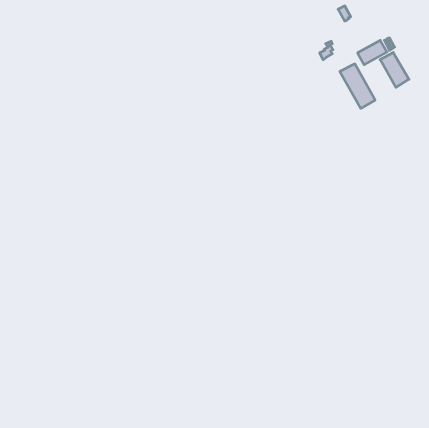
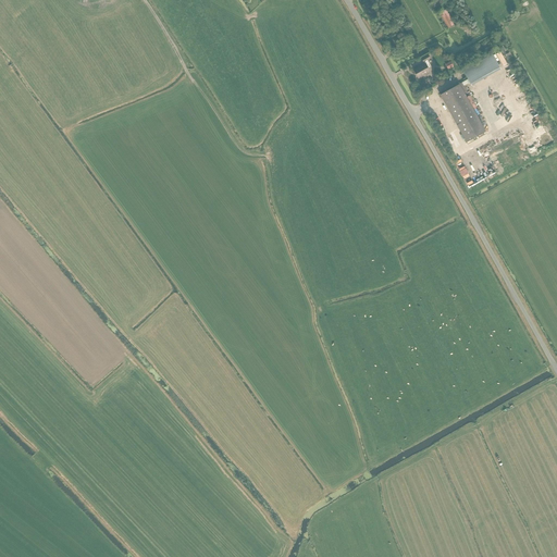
building: [380,52,409,87] -> none

